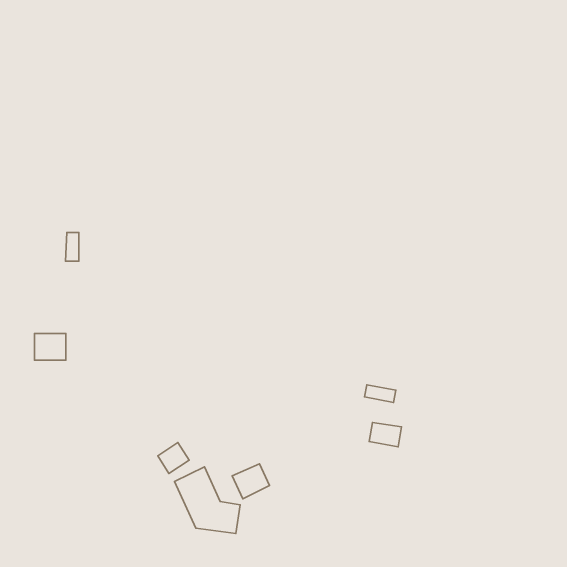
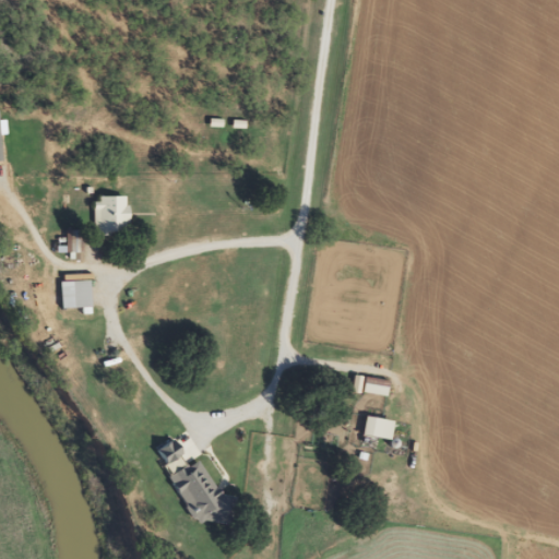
building: none -> [93,194,128,231]
building: [35,333,66,360] -> [62,280,93,306]
building: [232,464,270,499] -> none

